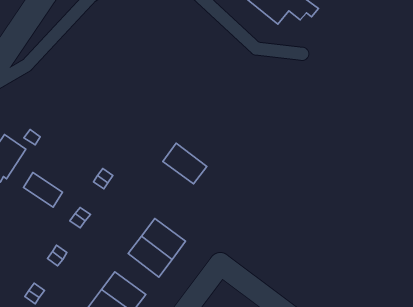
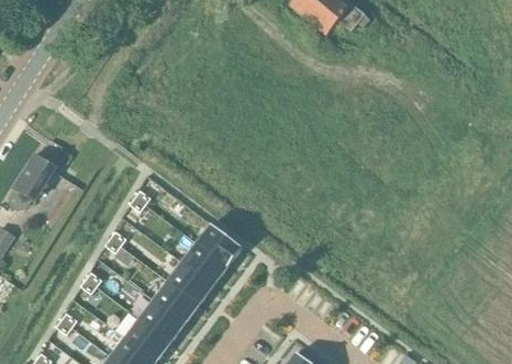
building: [163,143,207,184] -> [194,224,242,268]
building: [24,173,63,207] -> none
building: none -> [152,281,199,325]

